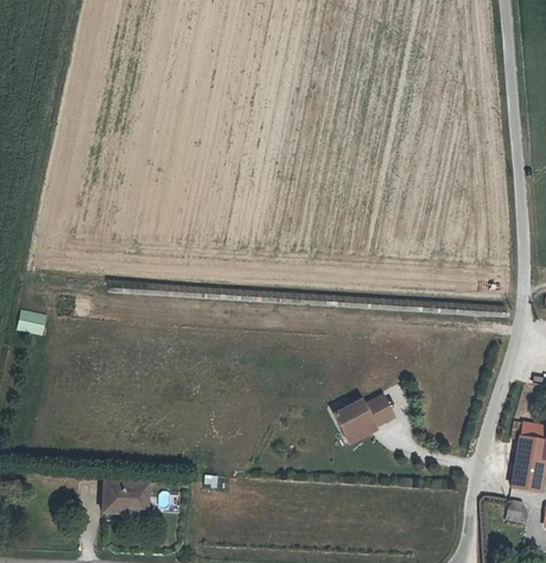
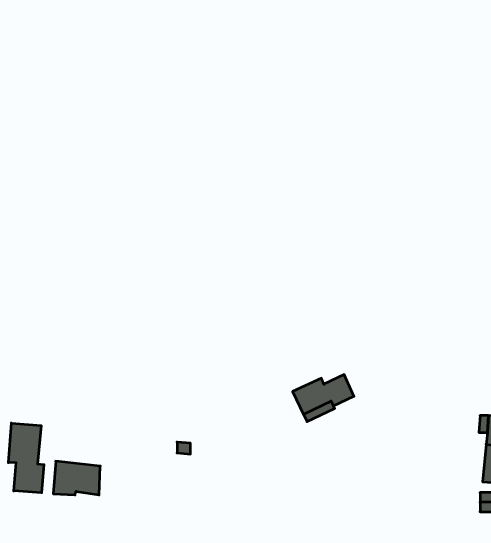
building: none -> [8,423,44,493]

